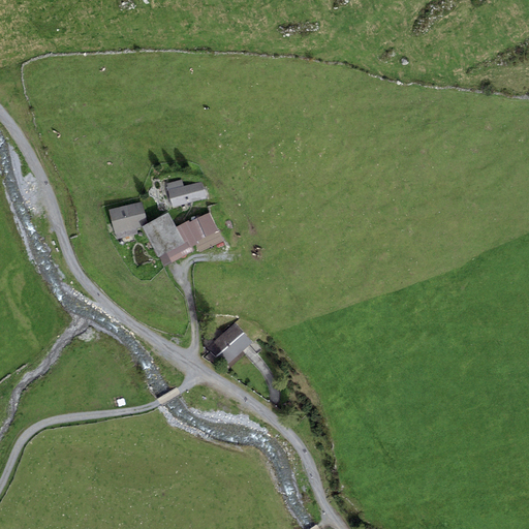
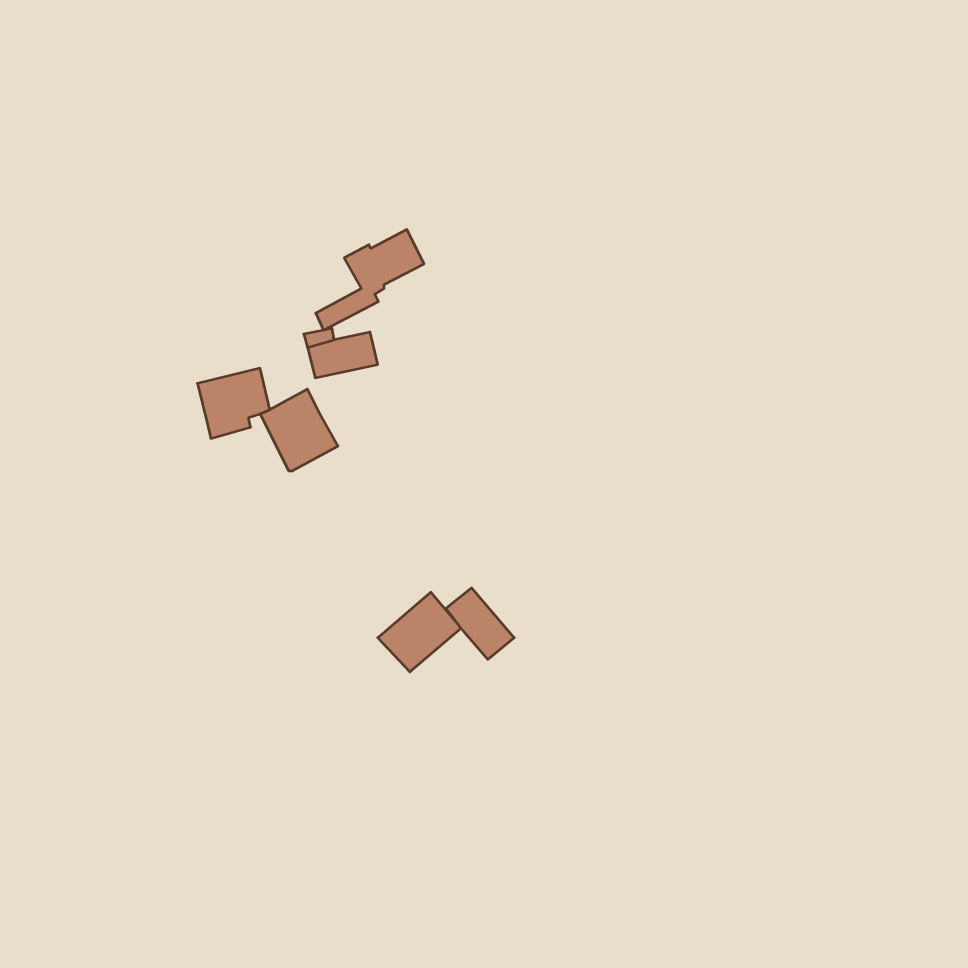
building: [159,211,218,266] -> [316,230,424,330]
building: none -> [446,588,514,659]

